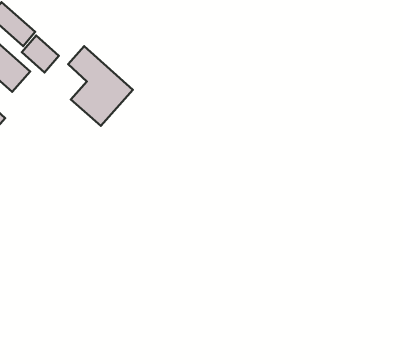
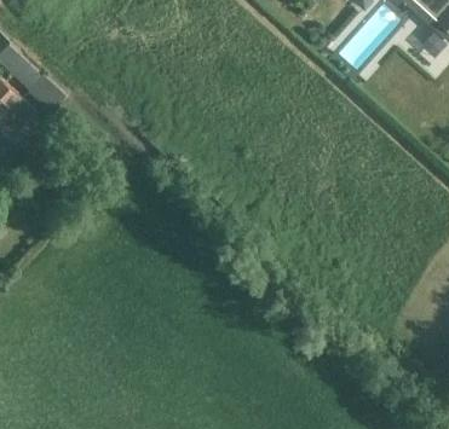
building: [68,46,133,126] -> none

